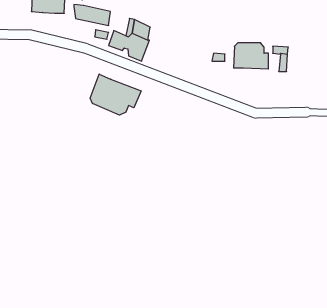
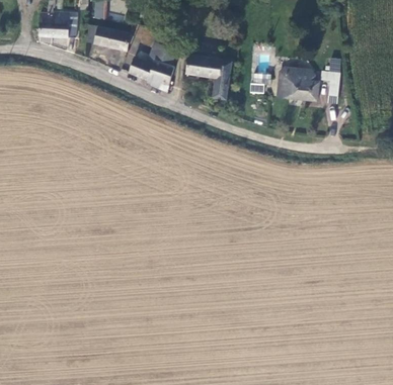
building: none -> [187,55,231,99]
building: [90,74,141,115] -> none

